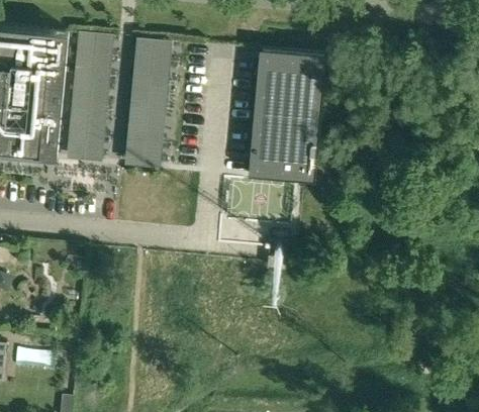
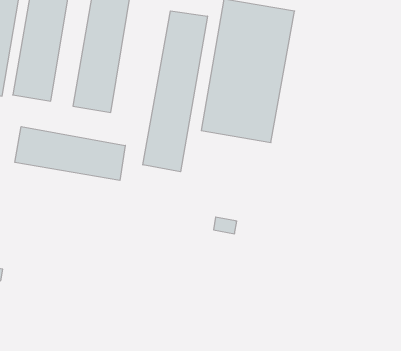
building: none -> [143,11,207,172]
building: none -> [15,127,125,180]

